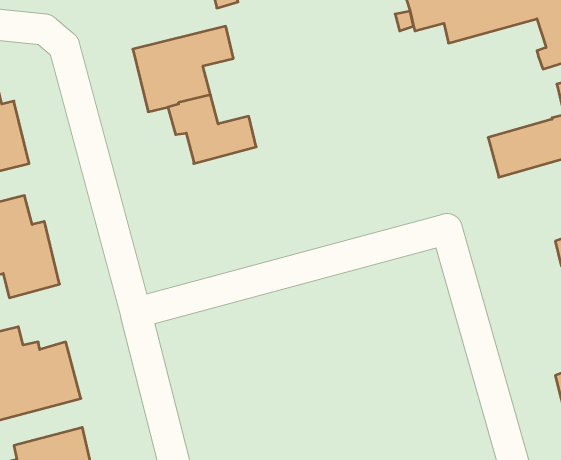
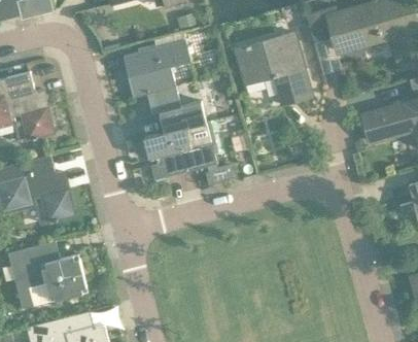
building: none -> [234,33,312,105]
building: none -> [140,124,235,185]

